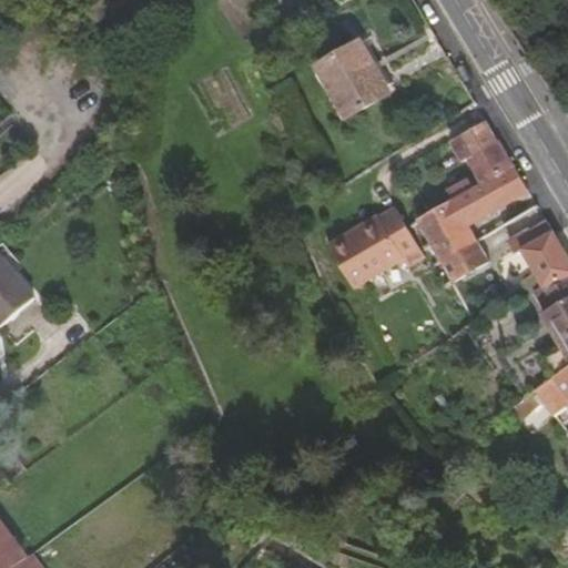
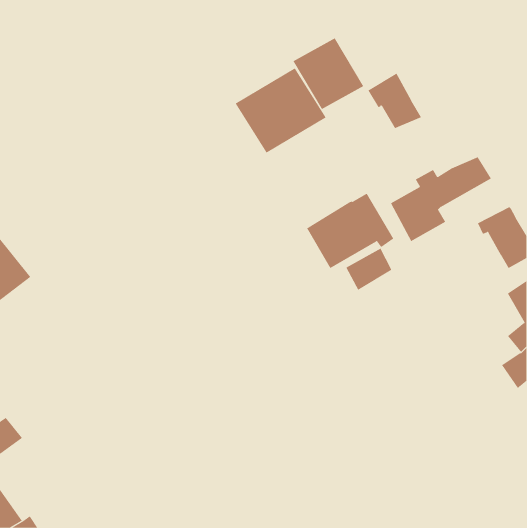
building: none -> [235,68,327,154]
building: [454,120,511,180] -> [368,73,422,129]
building: [439,237,489,283] -> [345,248,392,290]

